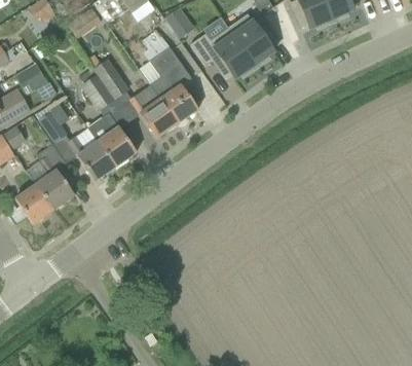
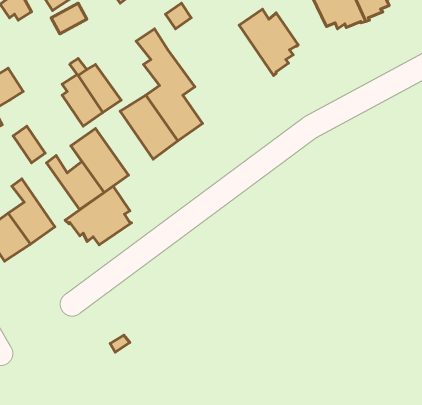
building: [190,26,257,79] -> none
building: none -> [65,186,132,245]

